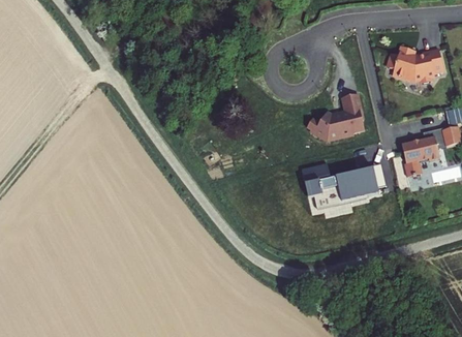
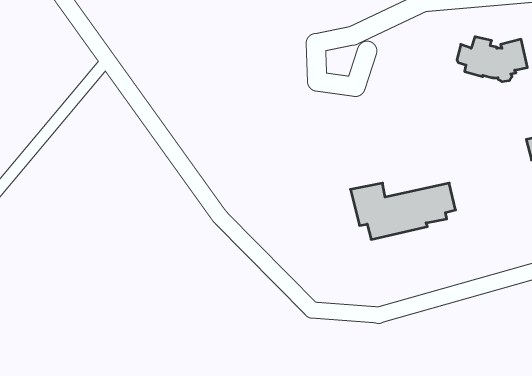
building: [306,93,364,139] -> none
building: [402,130,439,176] -> none

